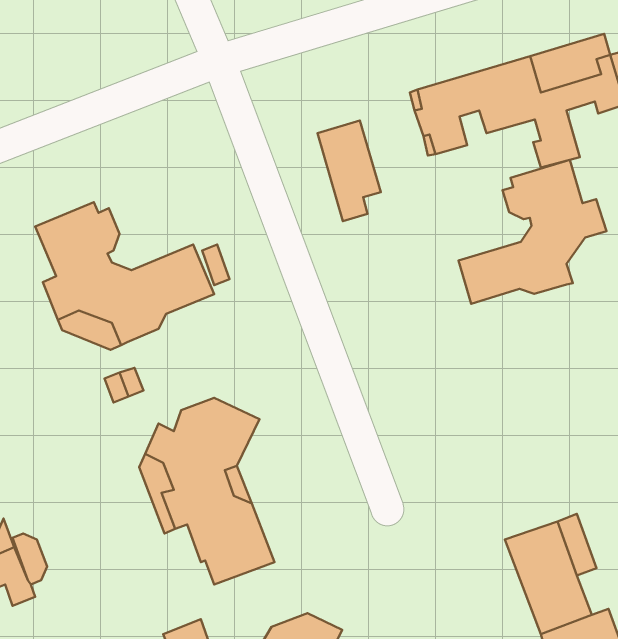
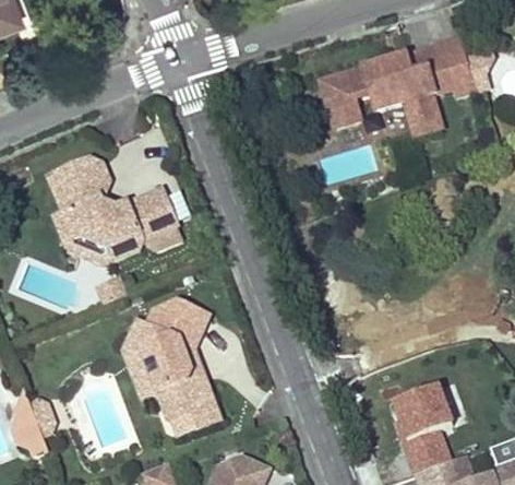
building: [318,120,381,221] -> none
building: [459,160,607,304] -> none

